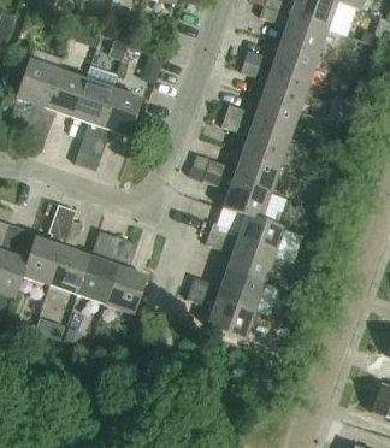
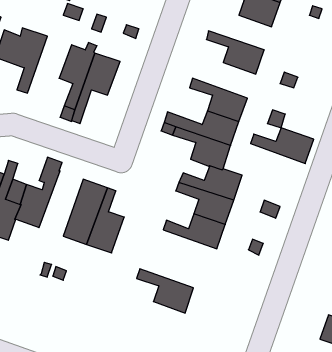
building: [244,42,317,82] -> none
building: [37,66,88,135] -> none
building: [226,96,299,137] -> [251,128,314,164]
building: [51,220,93,295] -> none
building: [189,288,254,338] -> [137,269,193,313]

